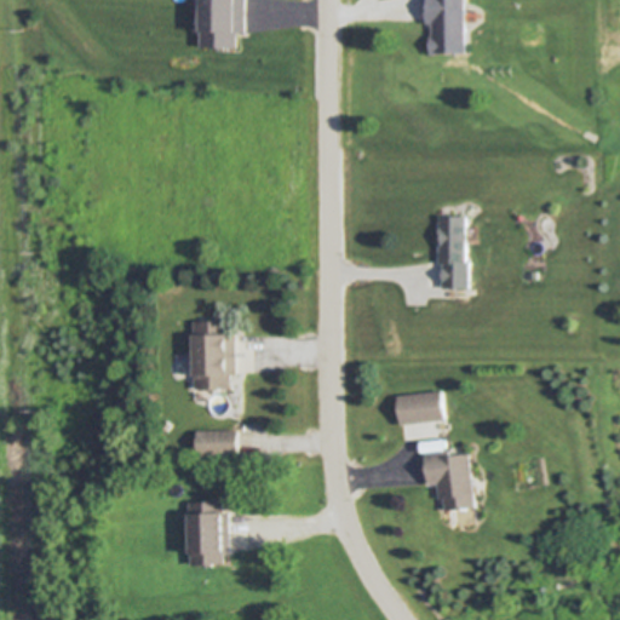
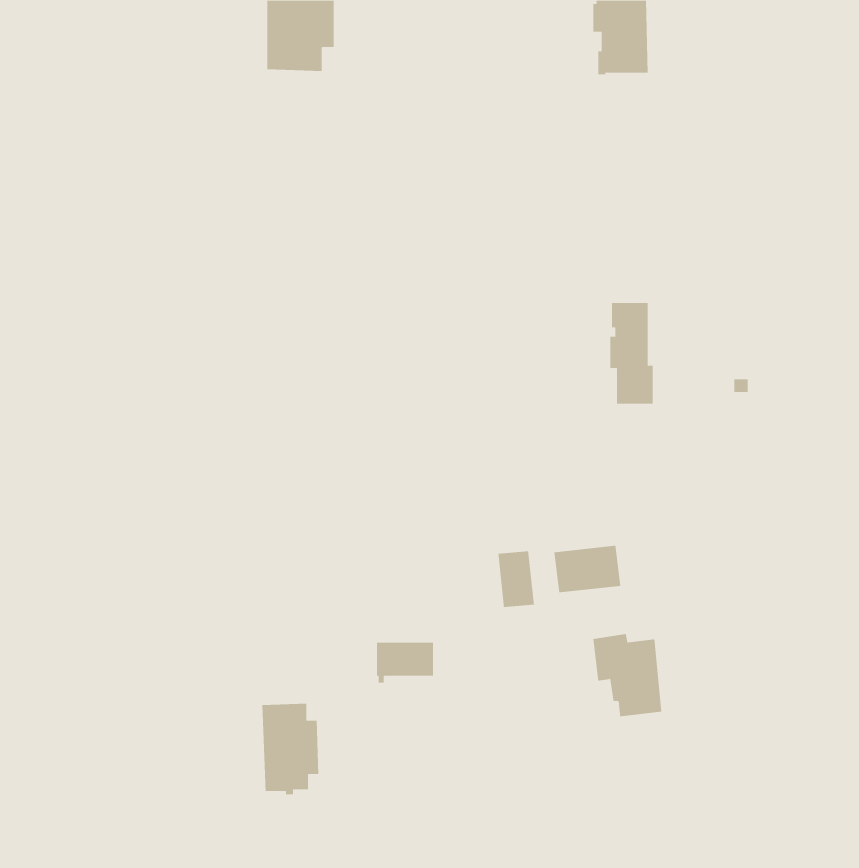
building: [191,321,235,390] -> none
building: none -> [498,550,534,608]
building: [194,429,235,458] -> [376,642,434,683]

